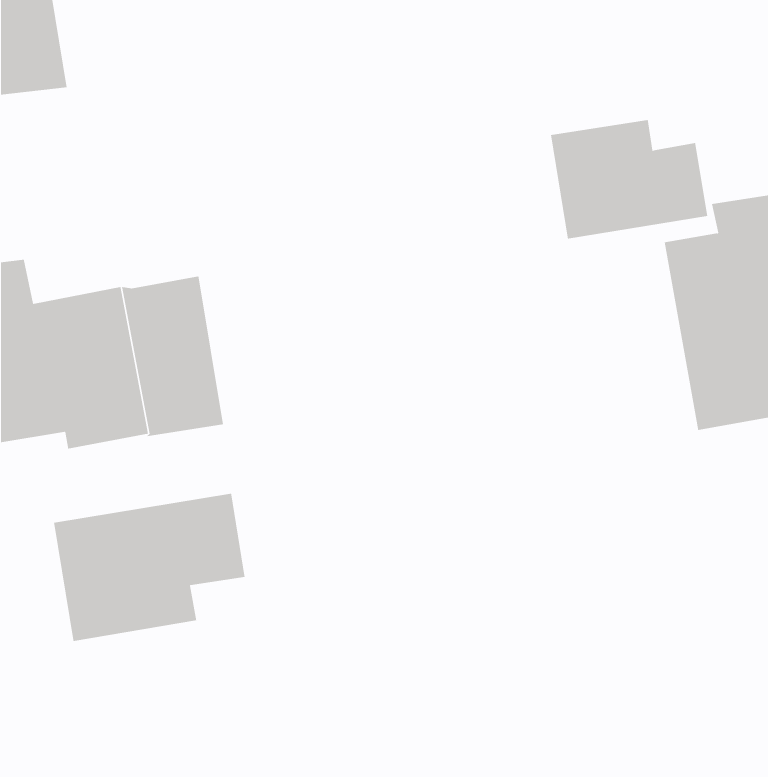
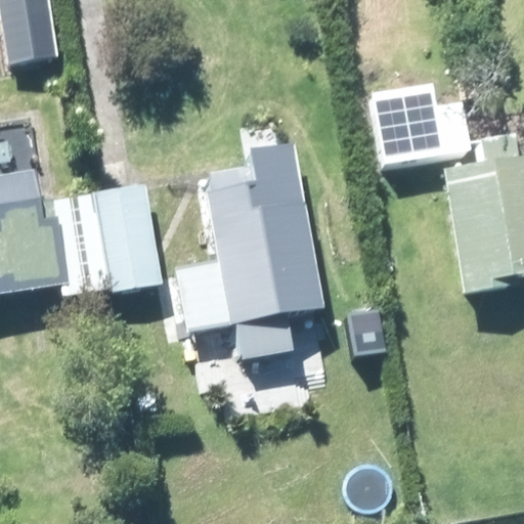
building: none -> [201,145,318,361]
building: [53,493,245,642] -> none

